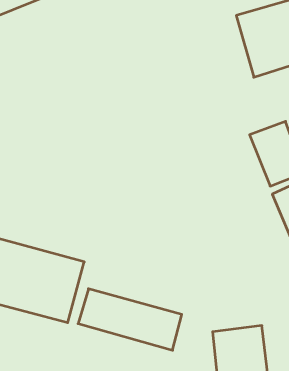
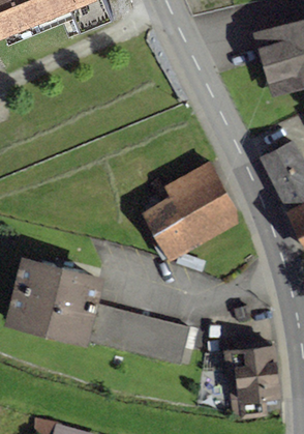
building: none -> [140,163,241,263]

